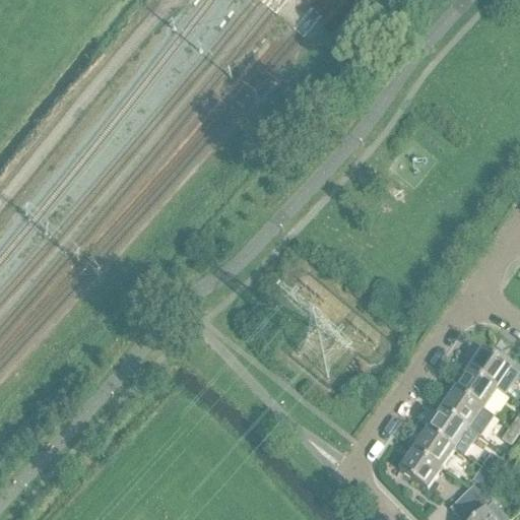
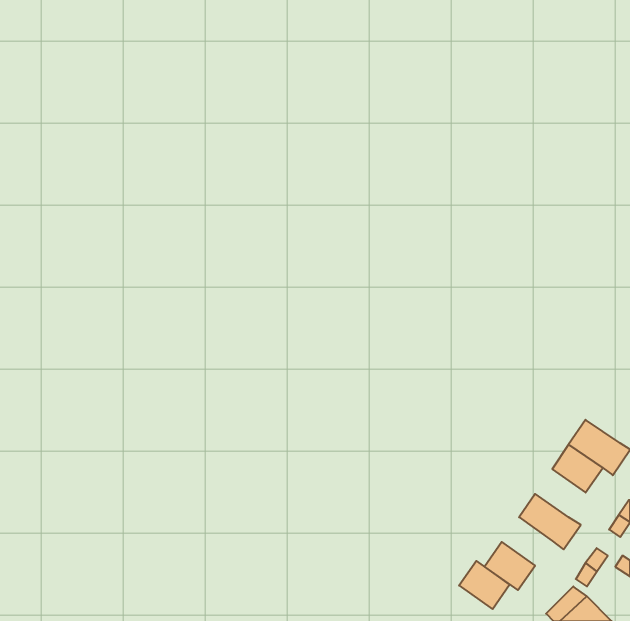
building: [441,386,494,433] -> none
building: [413,426,455,465] -> [459,561,510,609]

